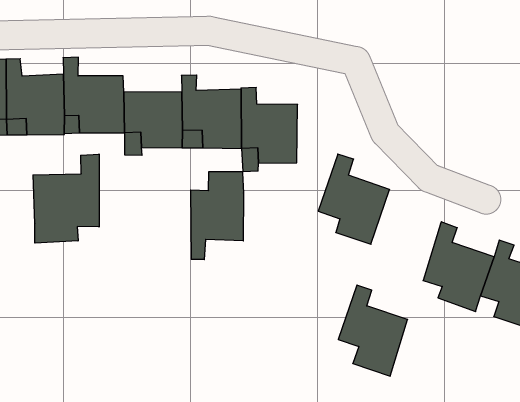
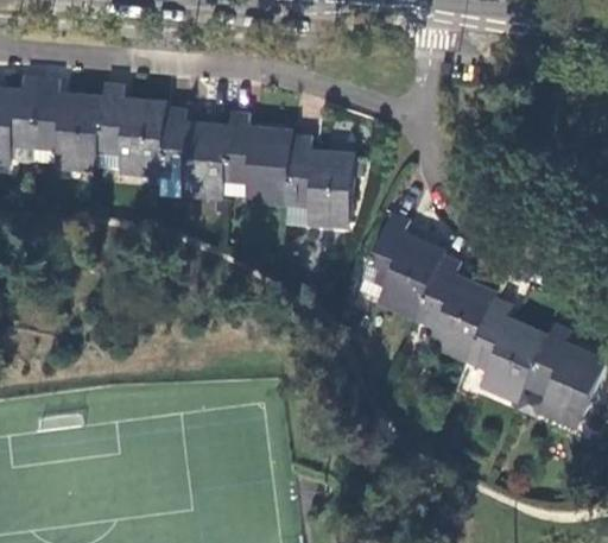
building: [33,154,99,243] -> none
building: [191,171,243,260] -> none
building: [338,285,408,376] -> [418,257,495,359]

